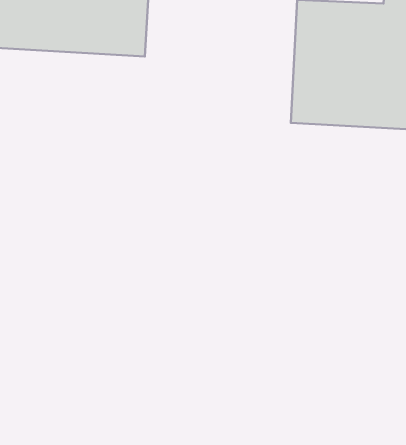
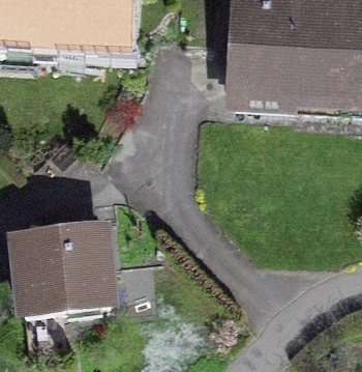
building: none -> [22,231,112,313]

